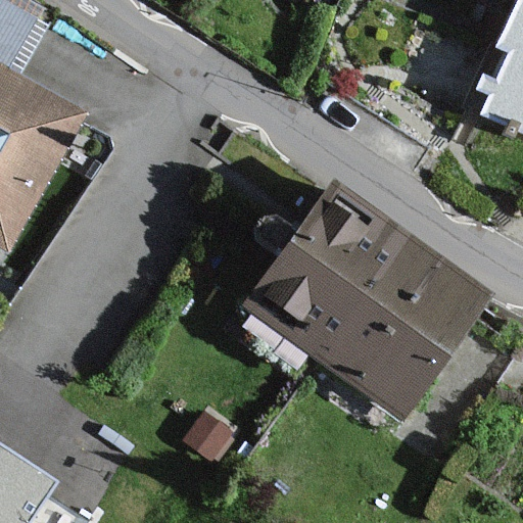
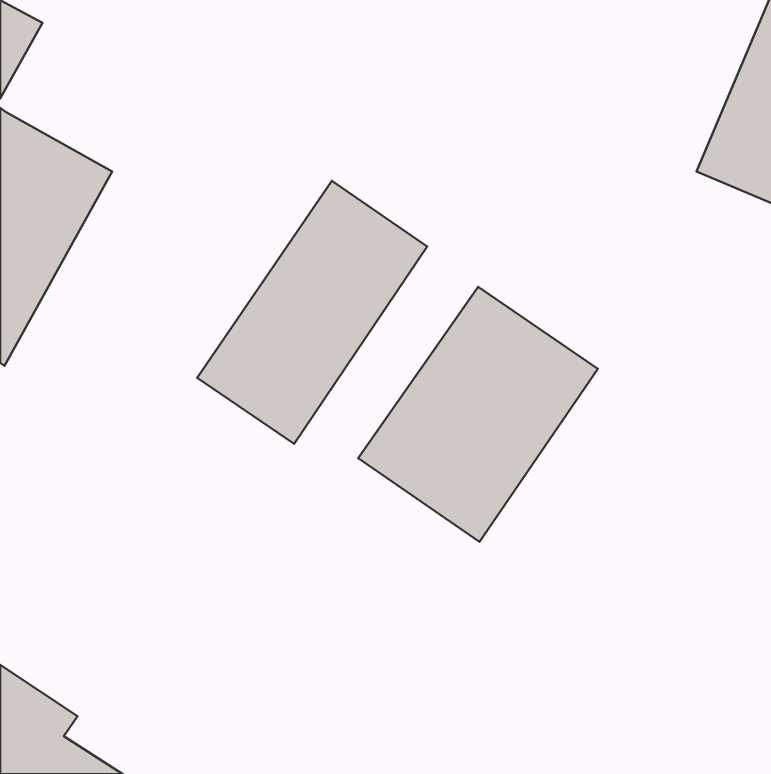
building: none -> [197,181,427,444]
building: [326,248,478,415] -> none

